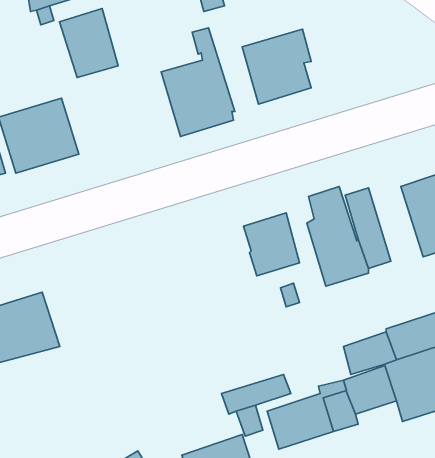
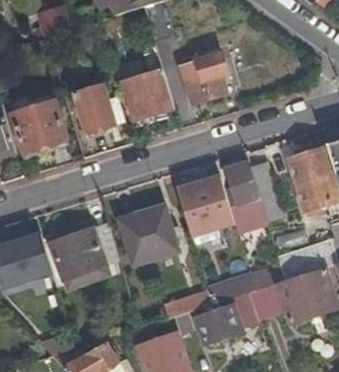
building: [59,8,118,78] -> [73,84,114,132]
building: none -> [119,205,176,263]
building: none -> [50,222,131,306]

